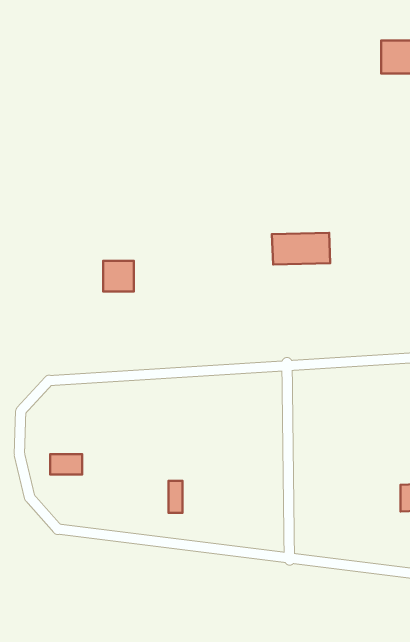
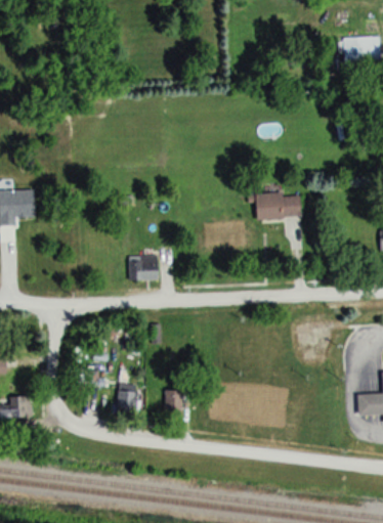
building: [103,261,134,292] -> [133,255,158,279]
building: none -> [118,384,135,415]

